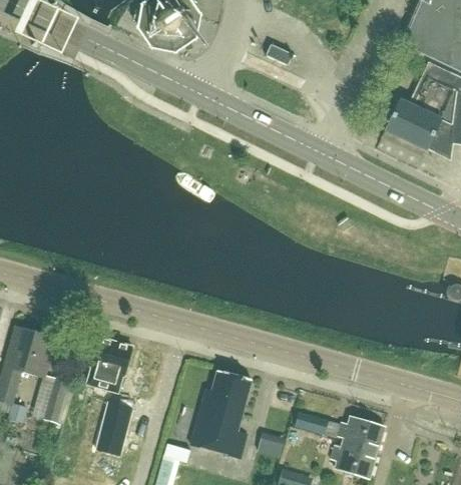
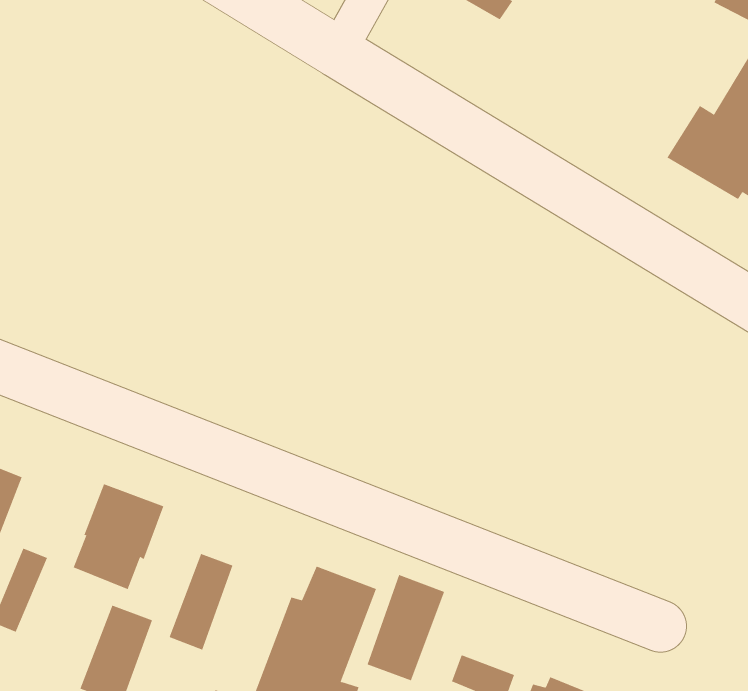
building: none -> [169,553,233,650]
building: none -> [367,574,445,681]

